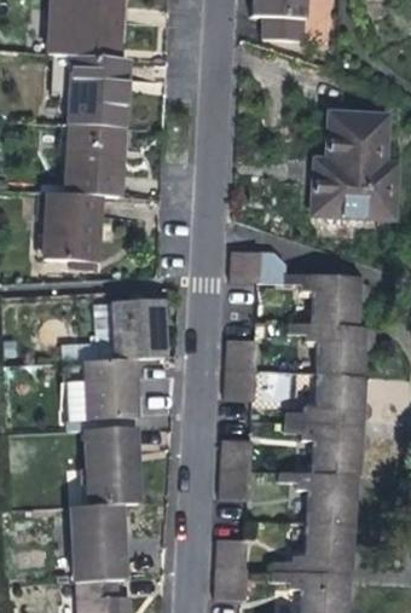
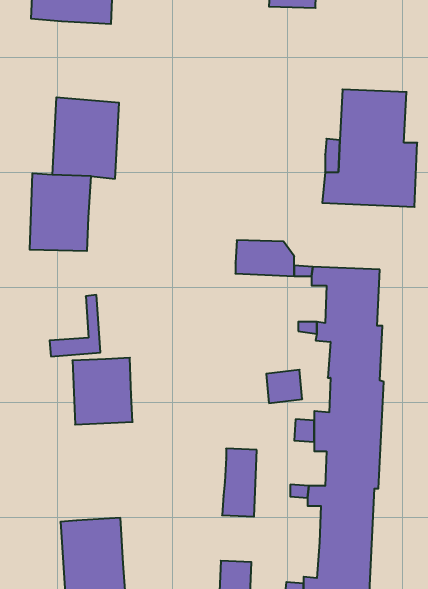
building: [69,53,128,127] -> none
building: [111,297,166,359] -> none
building: [225,340,256,403] -> none
building: [85,427,140,505] -> none

